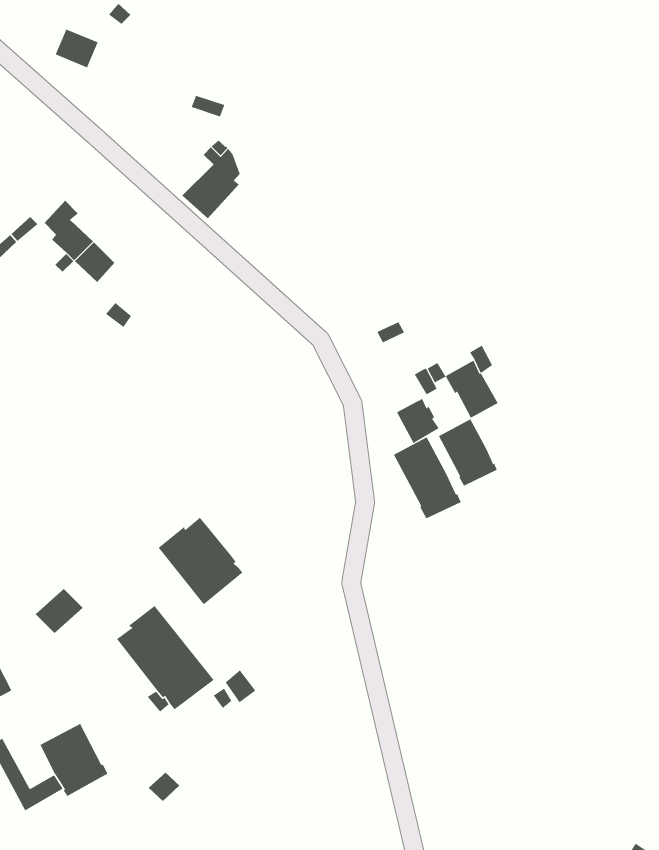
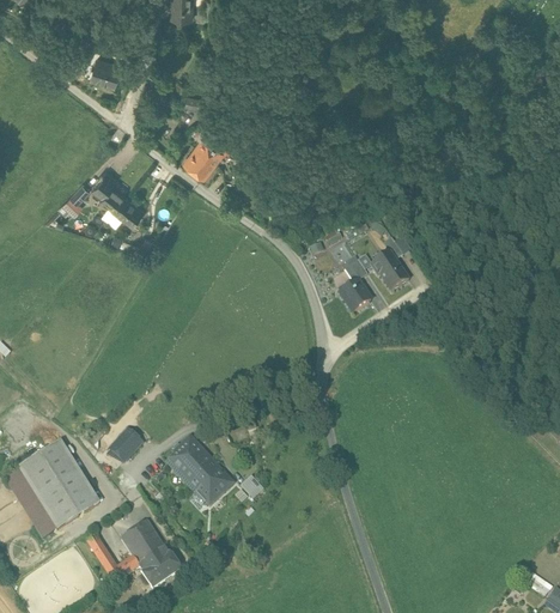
building: [438,419,498,486] -> none
building: [393,437,461,519] -> none
building: [158,517,243,605] -> none
building: none -> [141,551,182,588]

